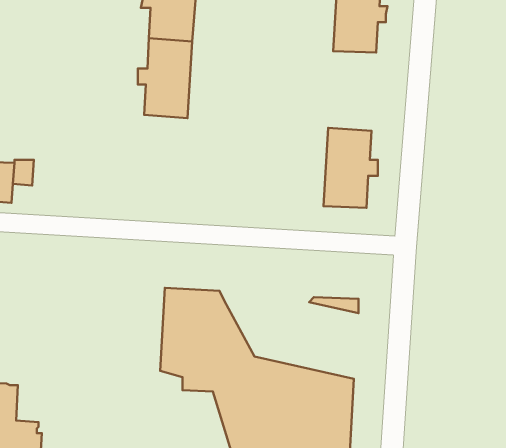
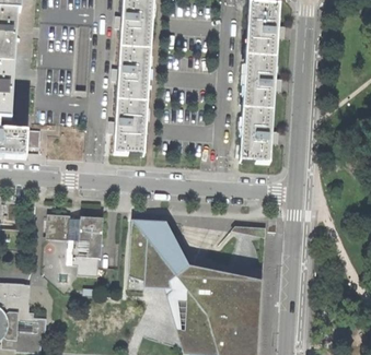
building: none -> [243,55,280,109]
building: none -> [109,98,147,154]
building: none -> [46,212,104,275]

